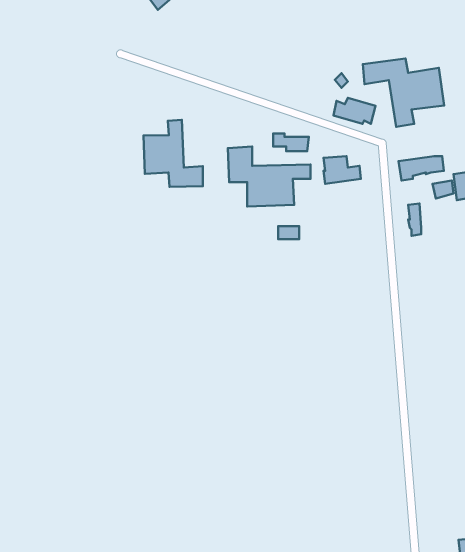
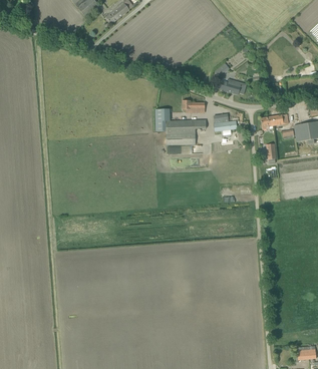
building: [363,59,444,127] -> none
building: [143,120,203,187] -> none

